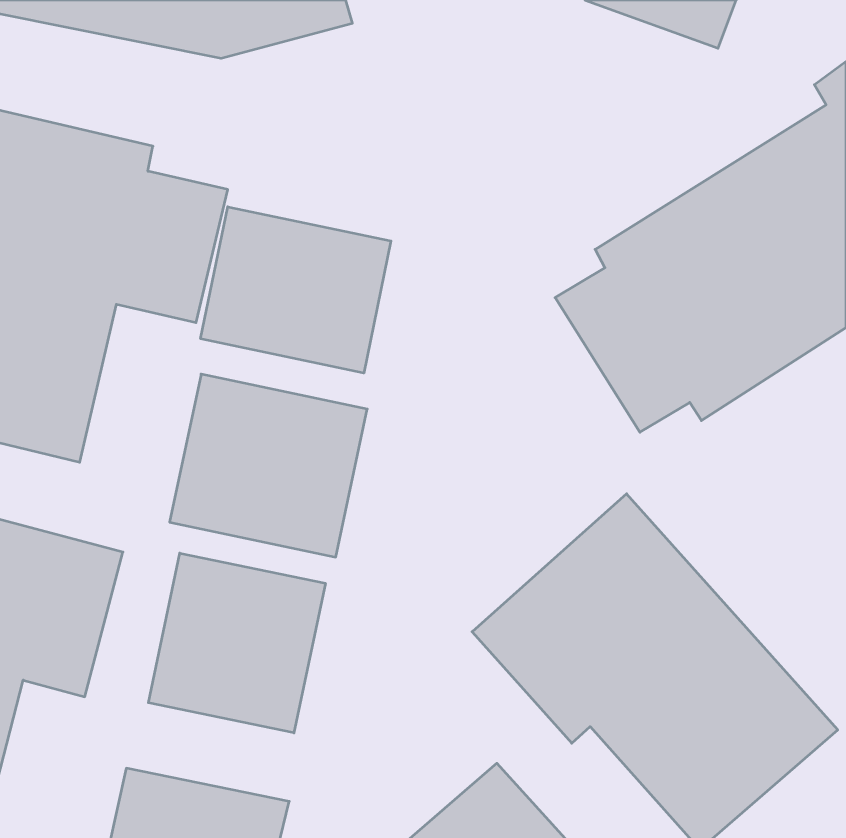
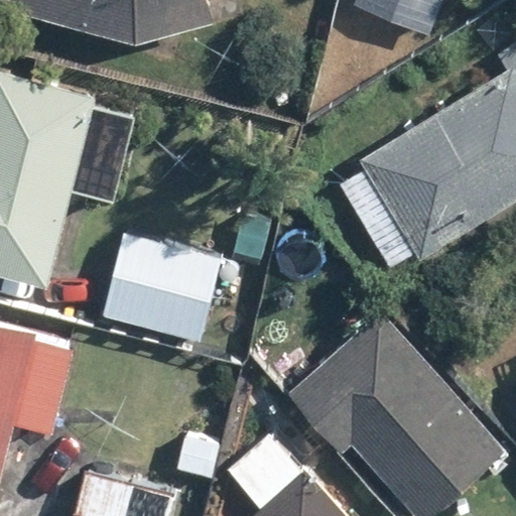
building: [201,207,391,373] -> none
building: [148,553,325,733] -> none

